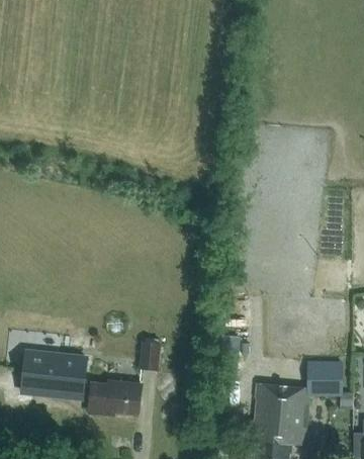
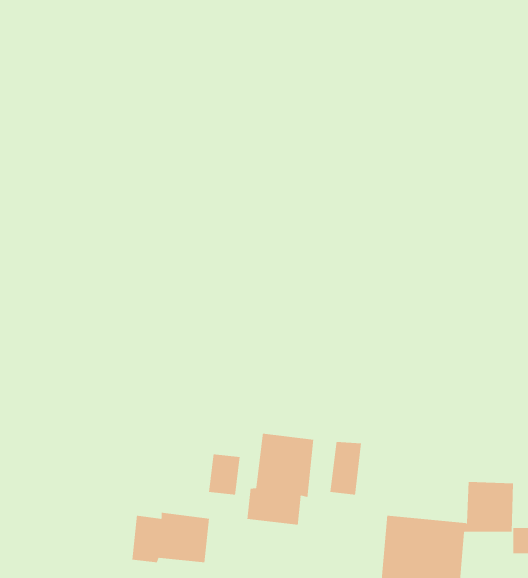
building: none -> [247,433,314,526]
building: [22,352,87,398] -> none

